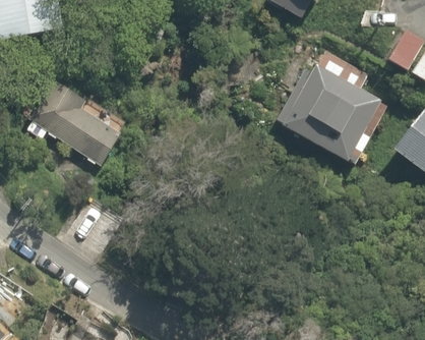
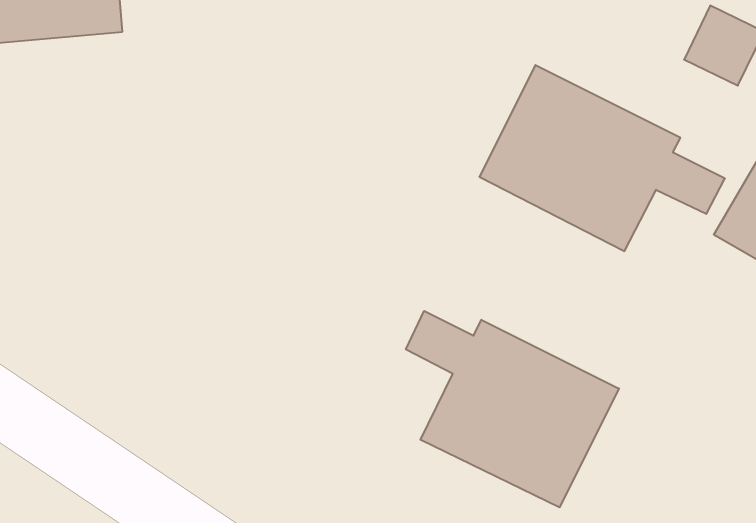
building: [35,98,136,171] -> none
building: none -> [406,311,619,507]

